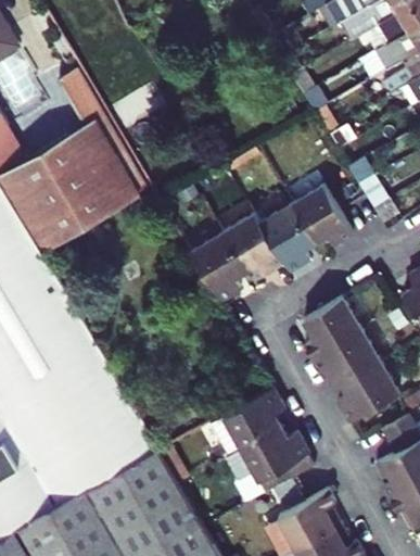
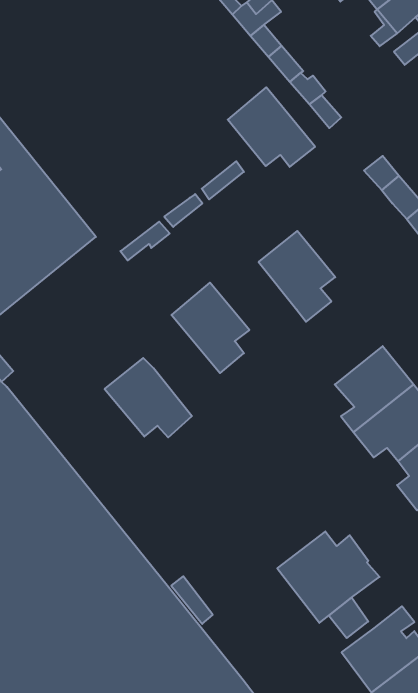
building: [292,185,353,245] -> [228,87,315,167]
building: [222,214,283,275] -> [105,358,192,437]
building: [209,389,284,456] -> none

